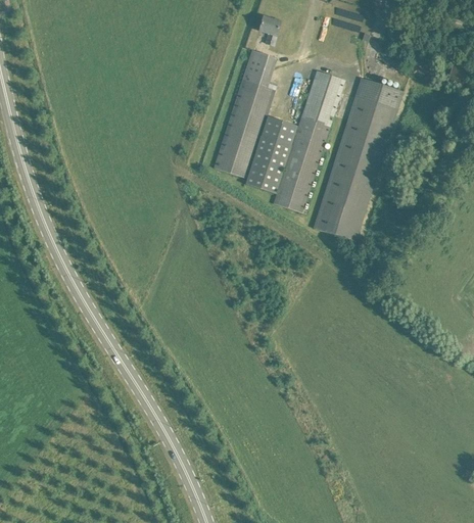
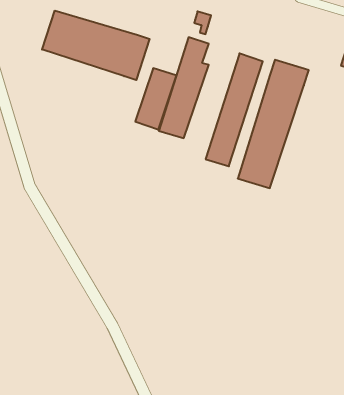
building: none -> [42,11,150,80]
building: [244,115,296,193] -> [135,68,176,130]

